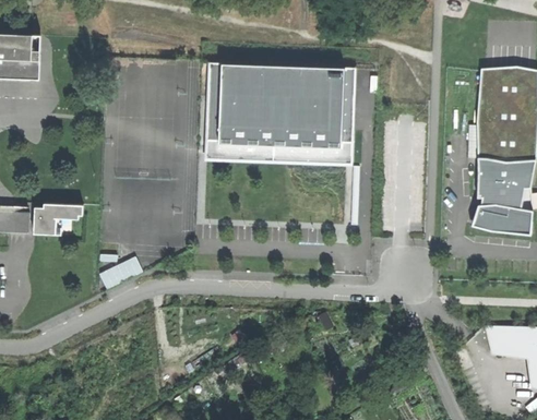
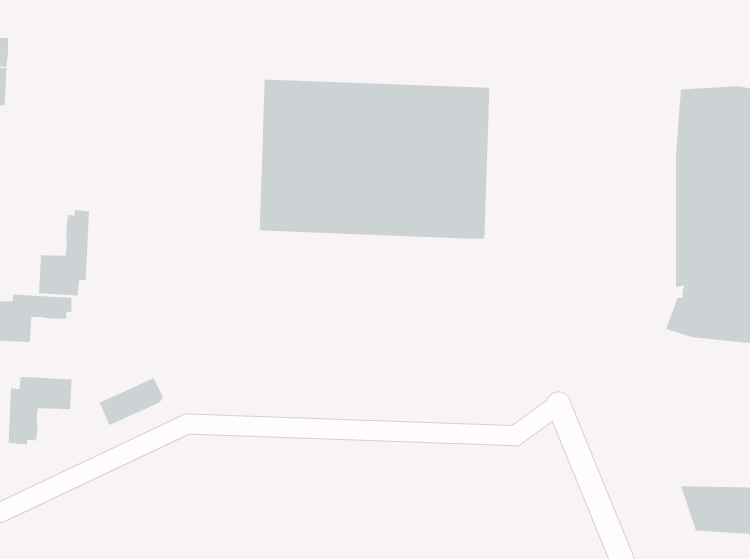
building: none -> [38,209,89,296]
building: none -> [8,376,72,445]

